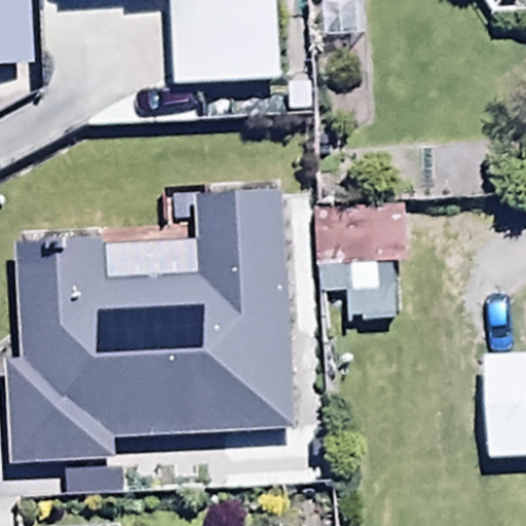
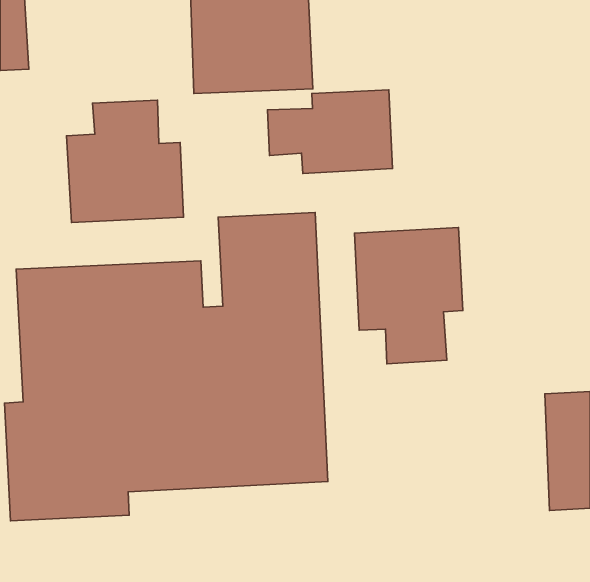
building: none -> [267,90,393,173]
building: none -> [66,100,184,223]

